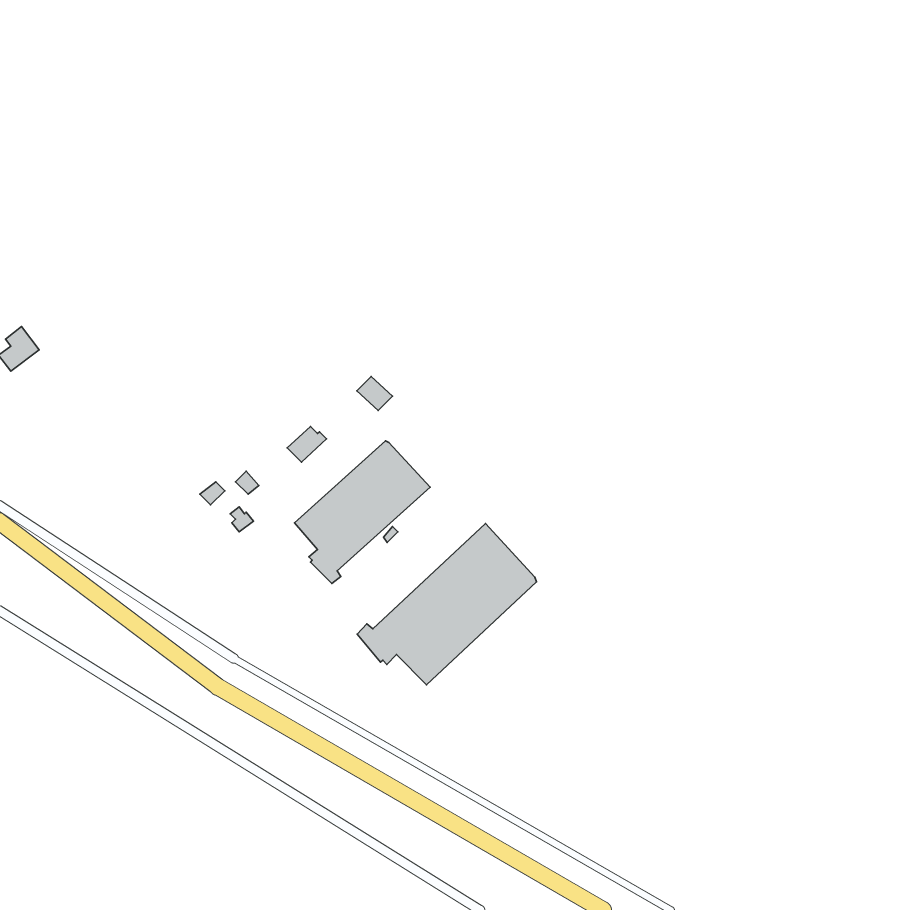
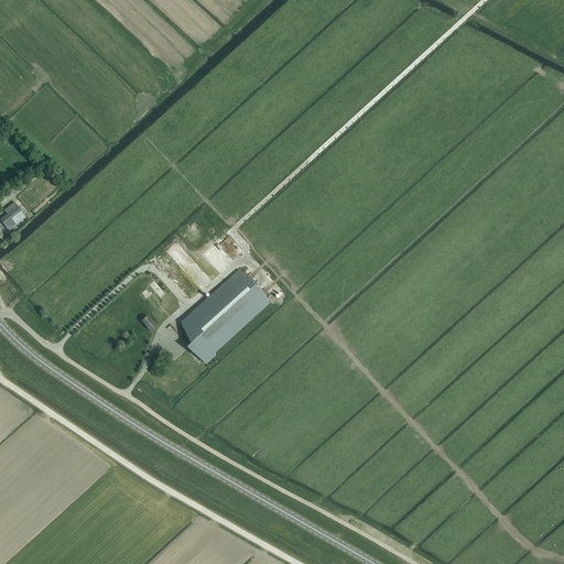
building: [357,523,537,685] -> none

